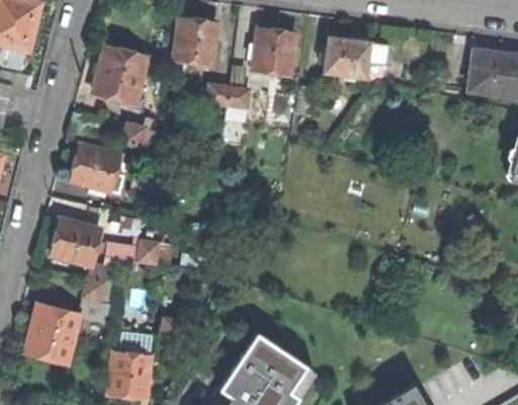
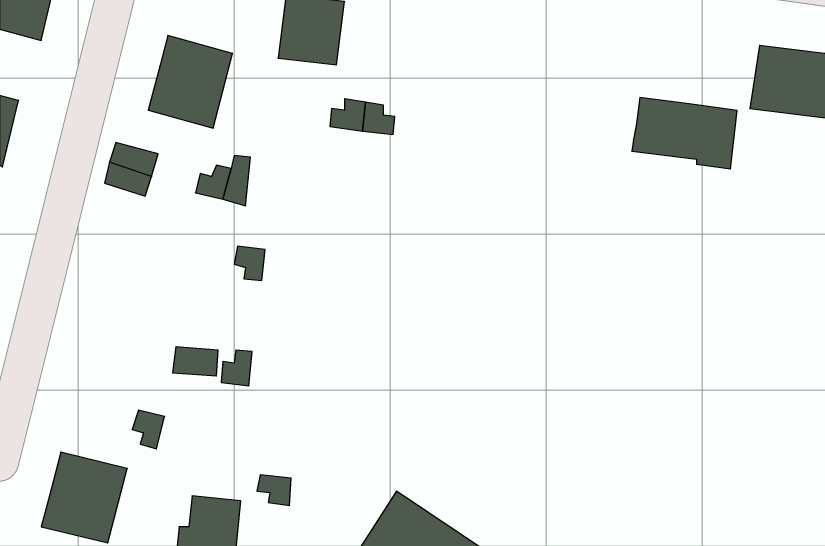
building: [253,29,294,74] -> none
building: [324,37,390,82] -> [632,98,737,169]
building: [71,147,120,191] -> none
building: [53,221,101,266] -> none

